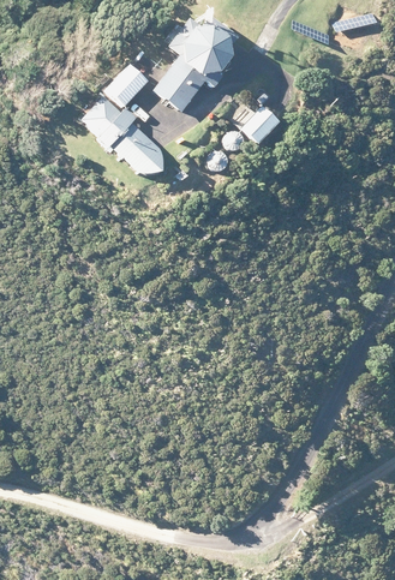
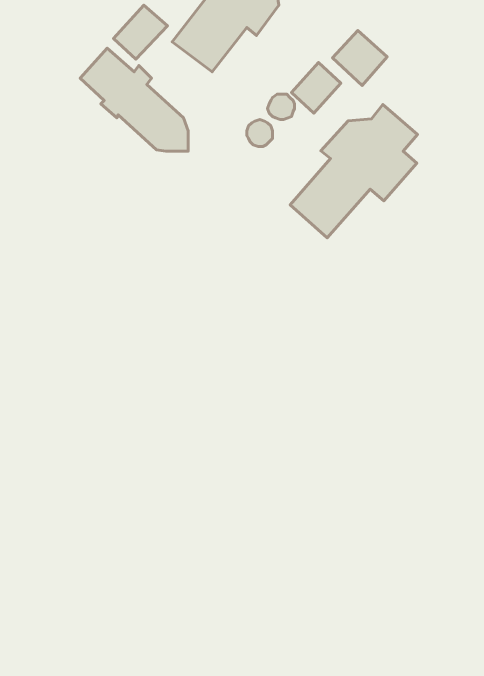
building: none -> [333,31,387,85]
building: none -> [290,104,417,238]

